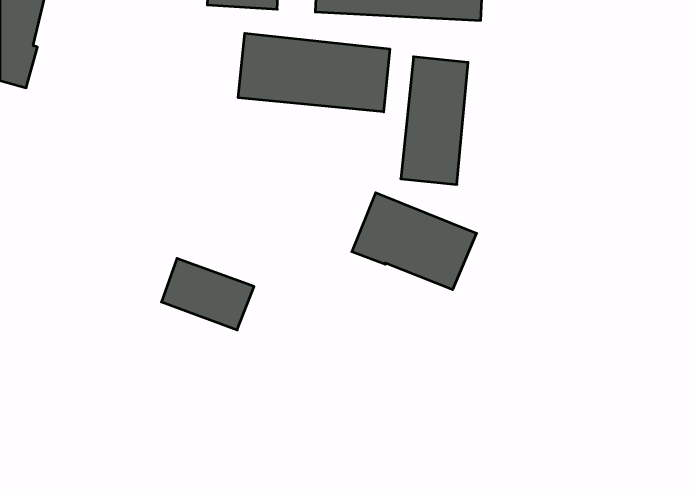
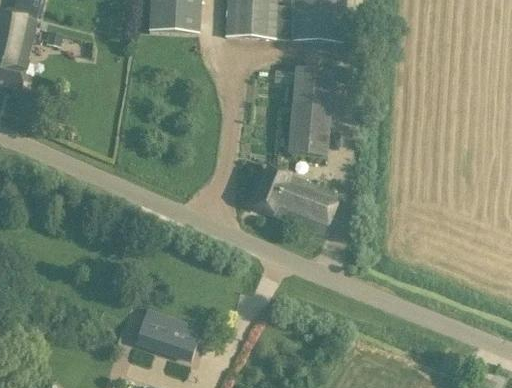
building: [238,33,390,112] -> none
building: [161,258,254,330] -> [138,305,204,356]

